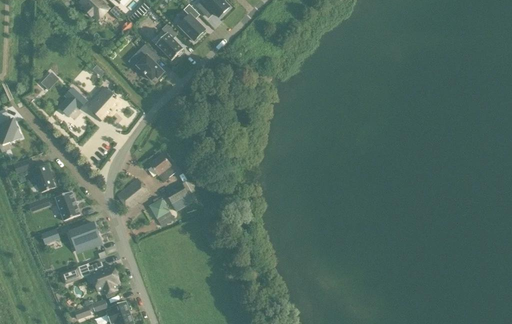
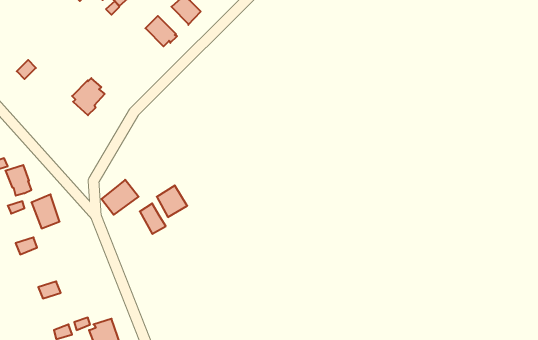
building: [134,44,163,80] -> none
building: [58,87,86,115] -> none
building: [149,154,175,181] -> none
building: [68,223,101,249] -> none
building: [88,262,118,294] -> none

